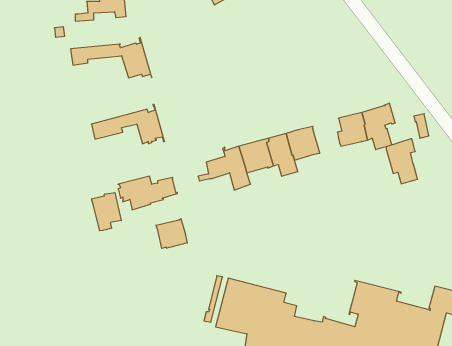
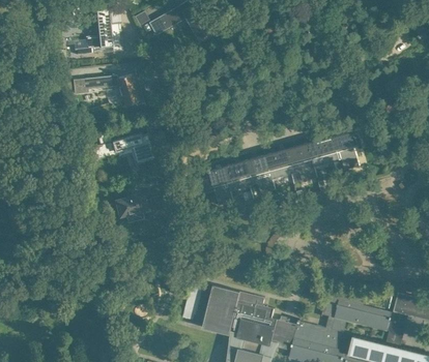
building: [386,139,418,184] -> [287,143,315,183]
building: [91,193,121,231] -> none
building: [156,219,187,248] -> none

